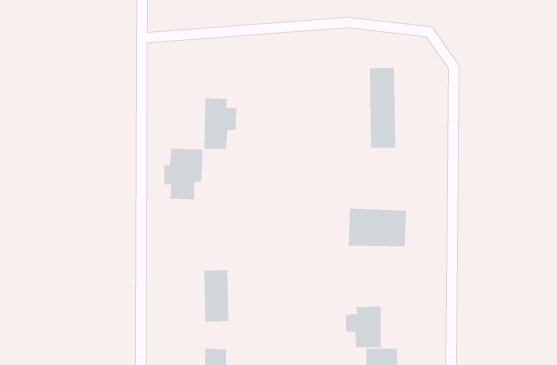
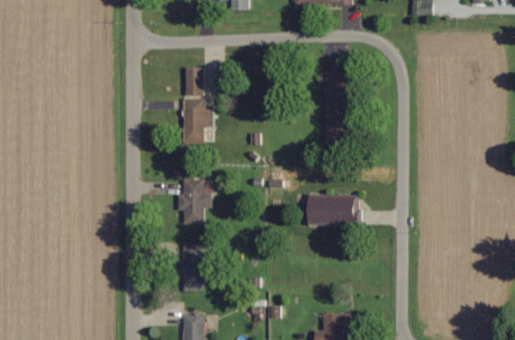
building: none -> [185,68,203,97]
building: [163,148,203,200] -> [178,179,212,224]
building: [345,306,381,348] -> none

